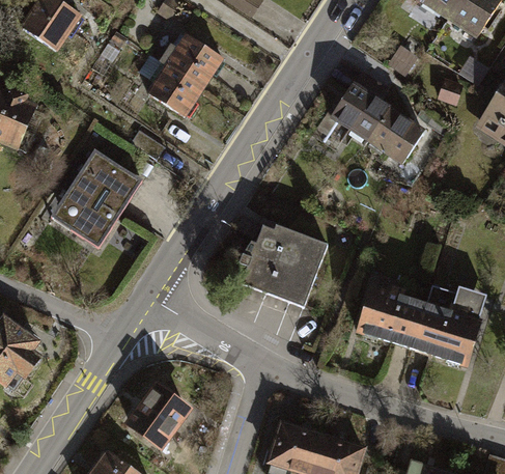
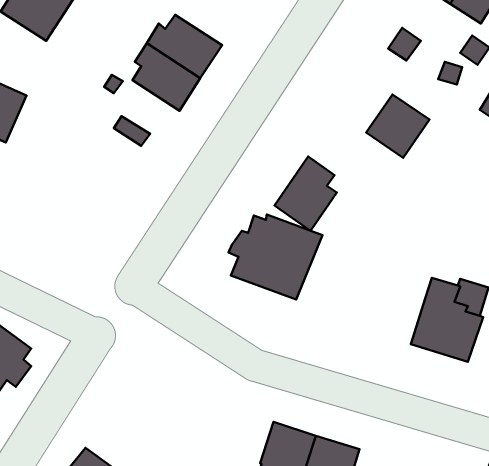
building: [333,74,392,144] -> [274,156,337,231]
building: [61,158,142,246] -> none
building: [355,284,423,345] -> none
building: [119,378,187,444] -> none

